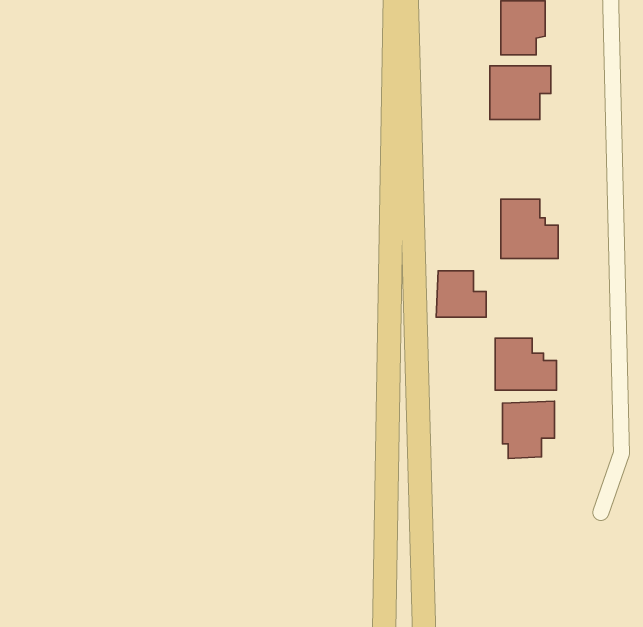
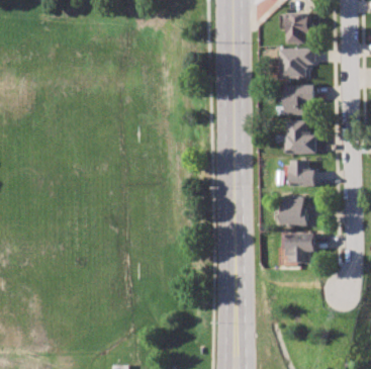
building: none -> [282,85,314,115]
building: [436,271,486,317] -> [288,161,315,186]

